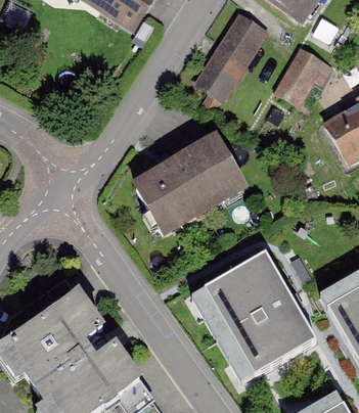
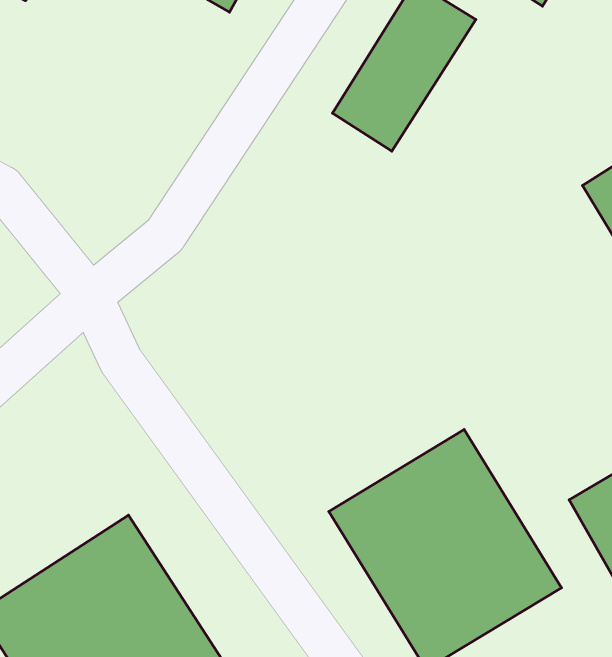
building: [273,46,334,106] -> none
building: [132,135,244,238] -> none

